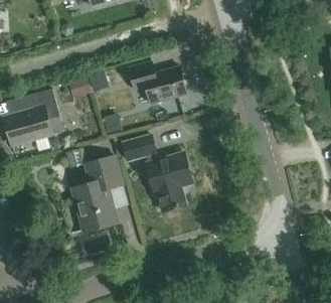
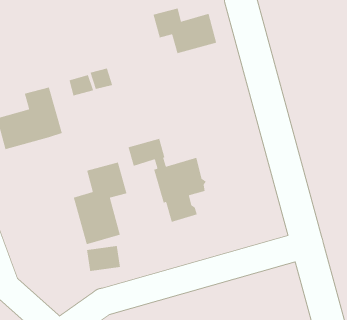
building: [128,61,186,104] -> [152,7,217,54]

